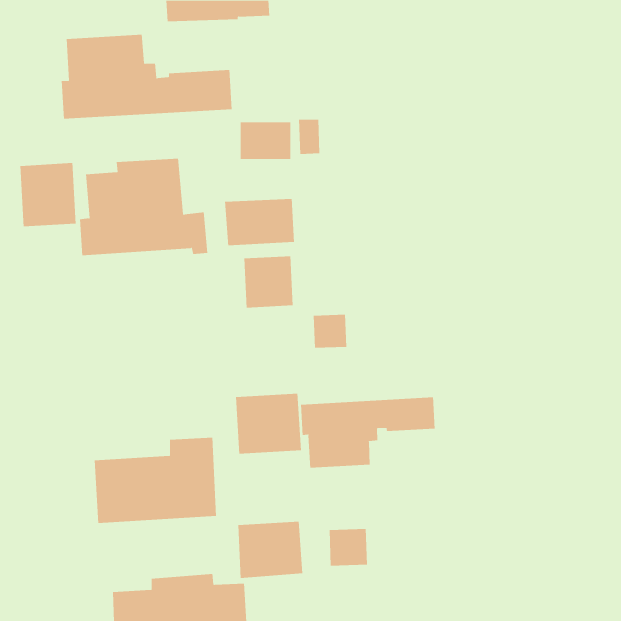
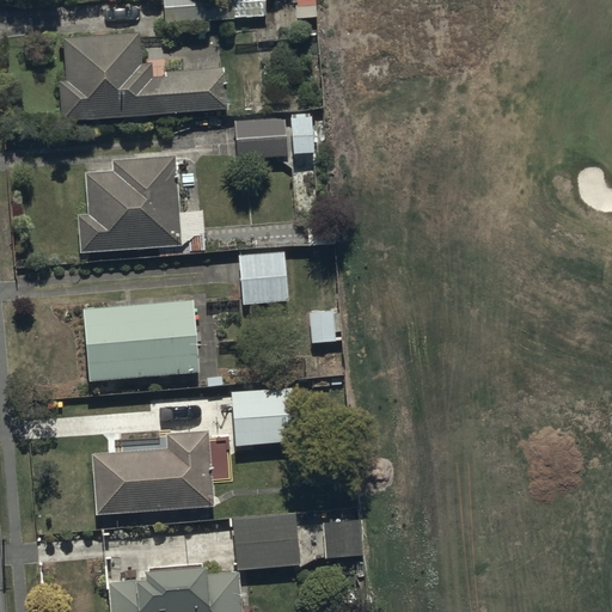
building: [20,162,76,227] -> none
building: [224,198,294,246] -> none
building: none -> [84,299,200,381]
building: [301,397,435,468] -> none

